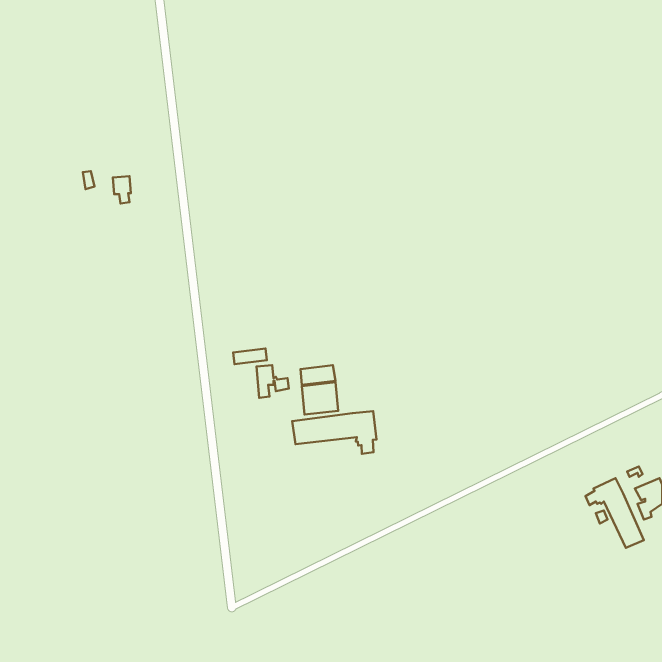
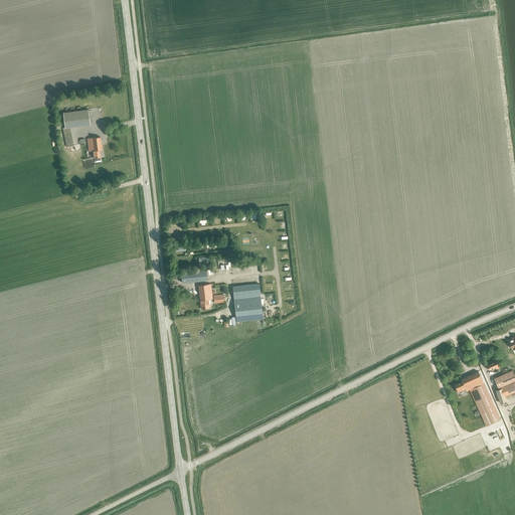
building: none -> [63,109,91,129]
building: [292,411,376,454] -> none

